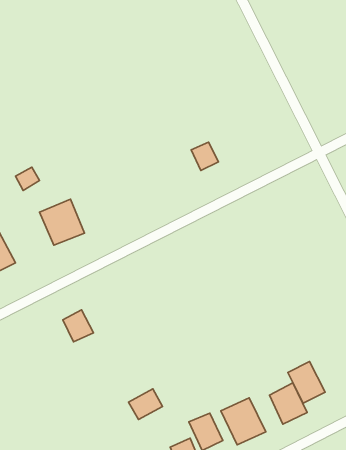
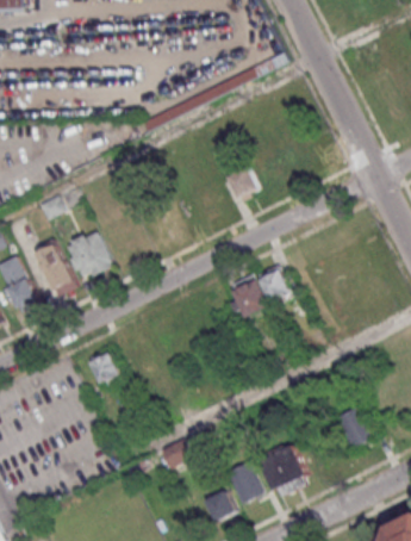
building: none -> [36,242,77,296]
building: none -> [231,265,294,317]
building: [269,383,307,424] -> none

